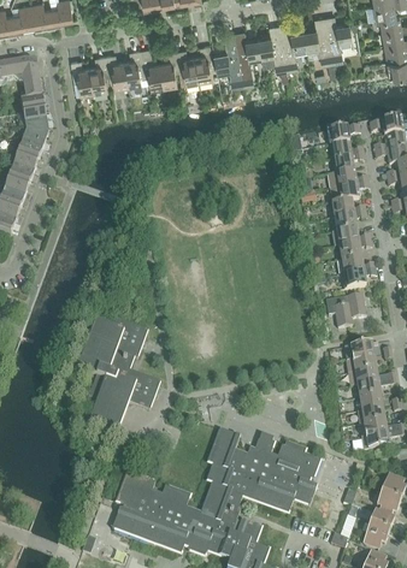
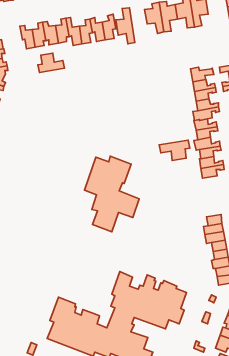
building: [235,29,261,83] -> none
building: none -> [38,53,65,73]
building: none -> [159,140,190,160]
building: [326,291,366,325] -> none
building: [78,315,160,428] -> [85,156,139,232]

